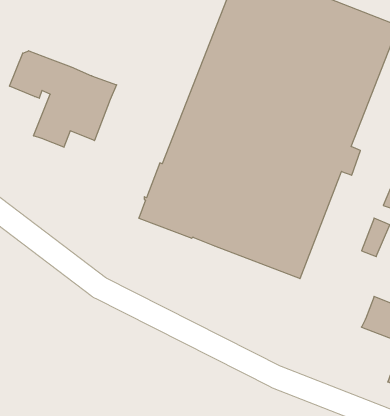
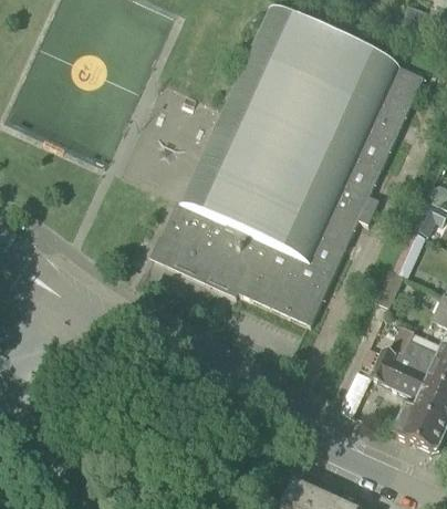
building: [10,51,117,147] -> none

